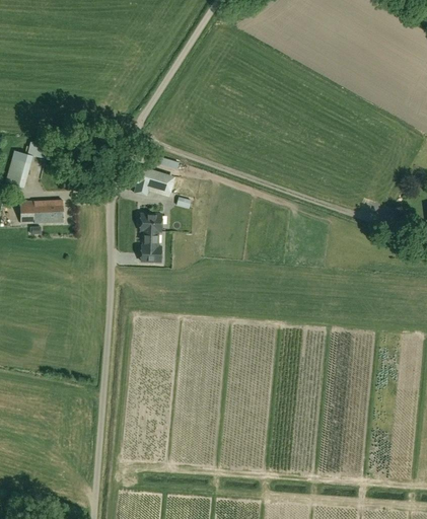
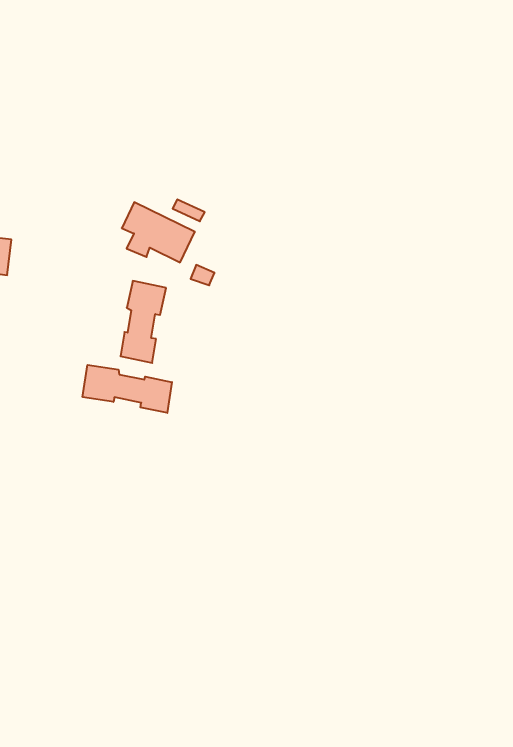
building: none -> [83,365,172,413]

